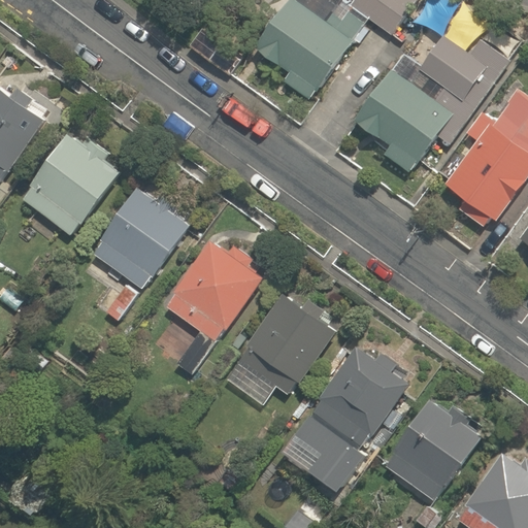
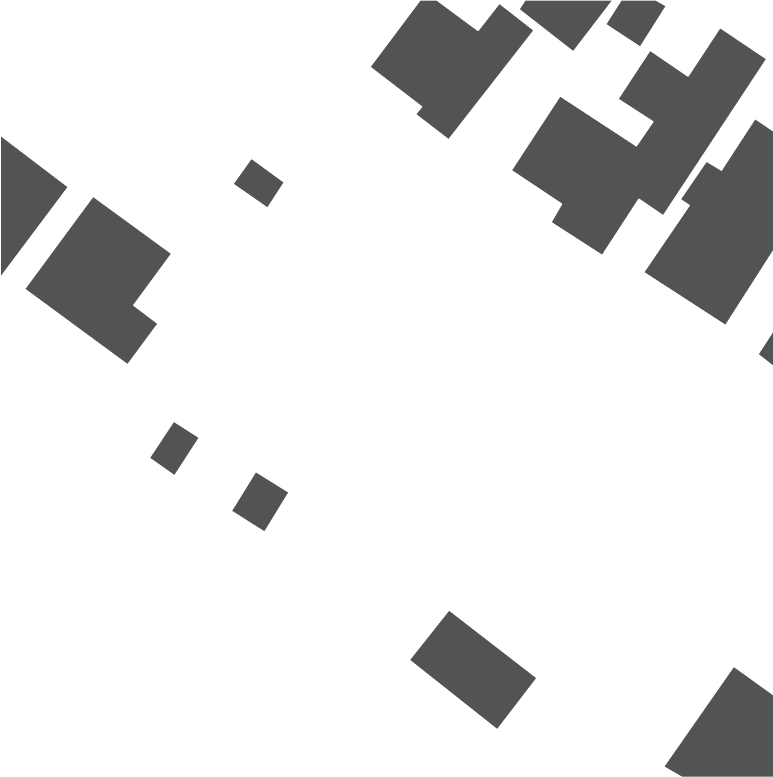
building: [94,193,183,286] -> none
building: [165,237,262,340] -> none
building: [225,295,336,407] -> none
building: [316,344,410,443] -> none
building: [381,395,487,506] -> none

